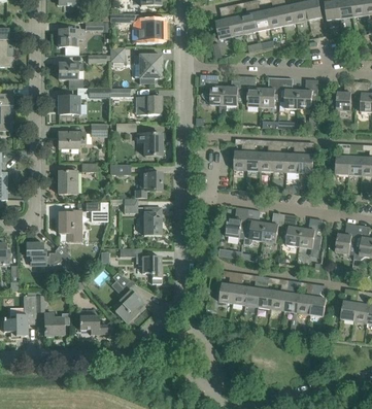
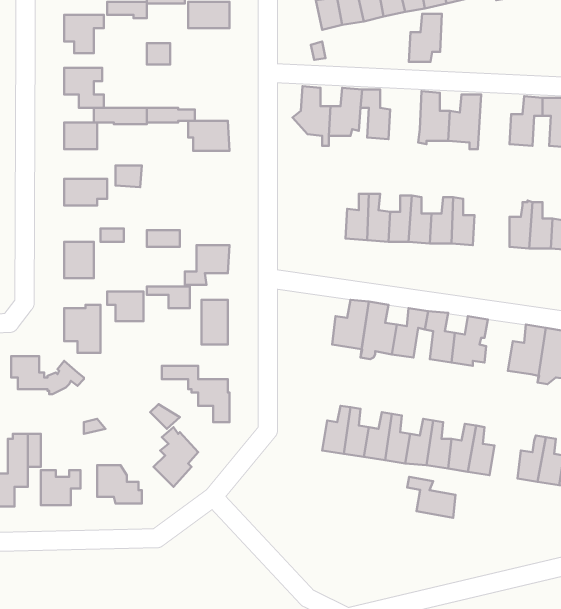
building: [133,55,161,83] -> none
building: [260,77,280,107] -> [409,14,442,62]
building: [137,133,161,156] -> none
building: none -> [407,477,455,518]

